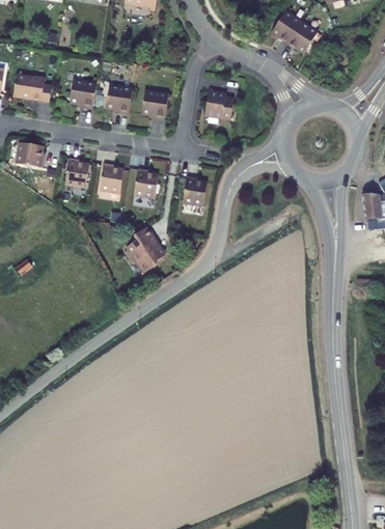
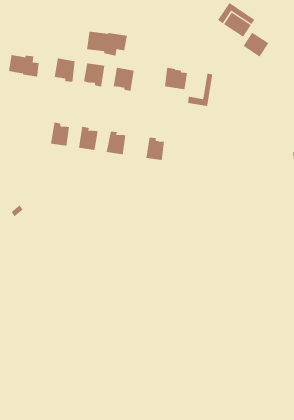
building: none -> [86,31,128,56]
building: none -> [243,32,269,57]
building: none -> [187,73,213,107]
building: [17,142,45,167] -> none
building: [127,226,166,273] -> none

